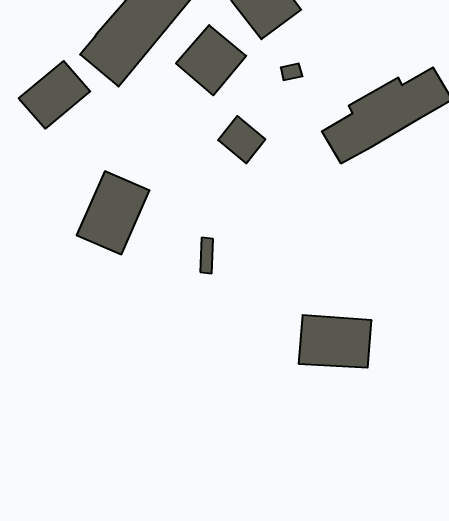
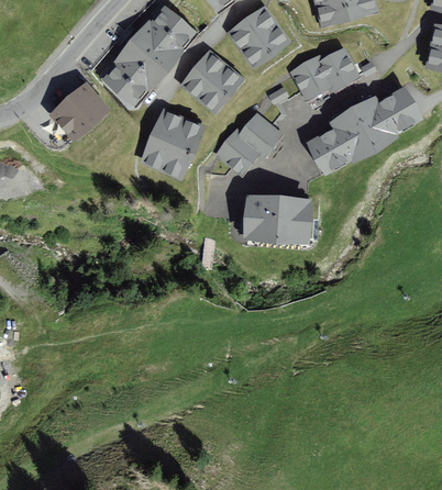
building: none -> [295,51,358,97]
building: none -> [241,115,279,154]
building: [77,171,150,254] -> [140,108,202,179]
building: [299,315,372,368] -> [248,196,311,241]

